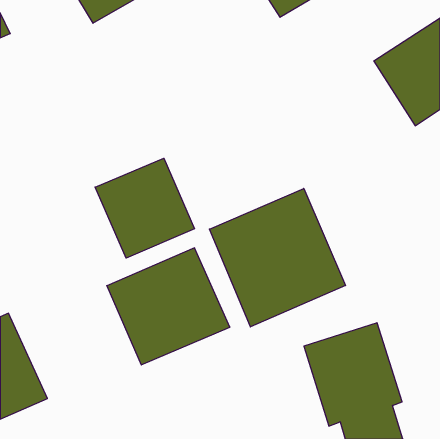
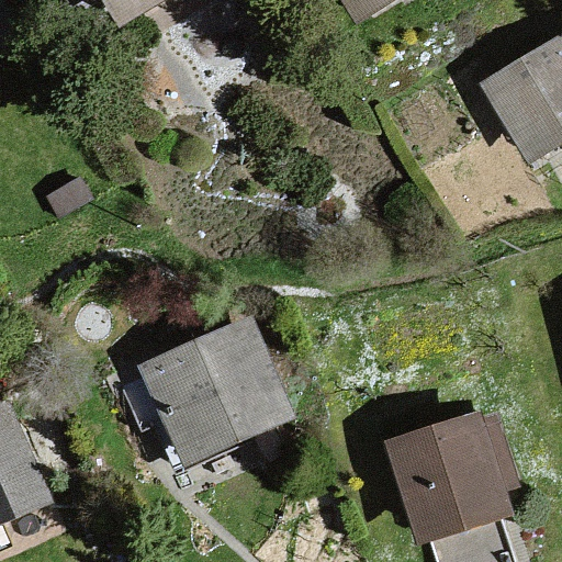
building: [95,158,194,258] -> none
building: [209,188,345,327] -> none

